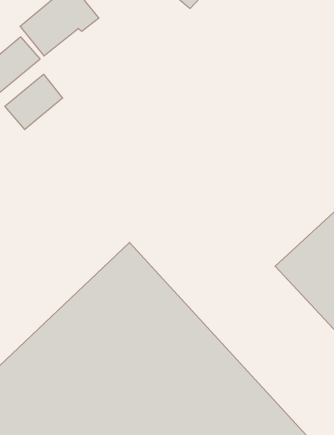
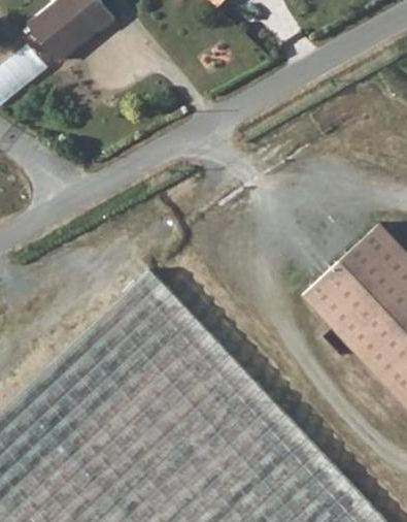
building: [5,74,63,130] -> none

